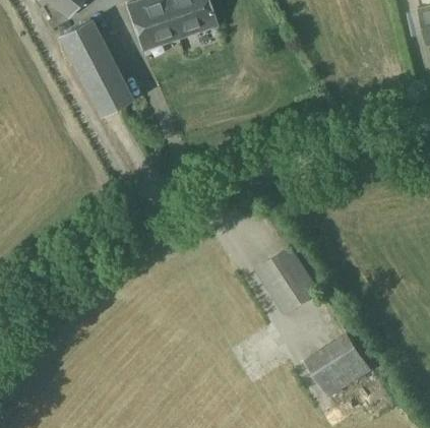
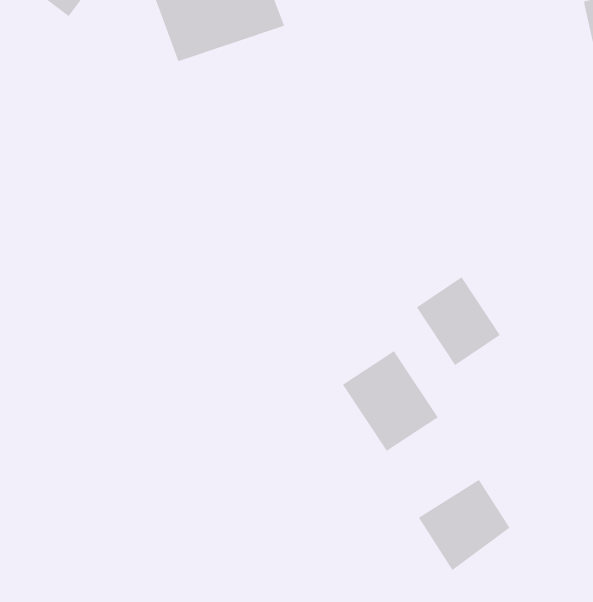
building: [59,19,131,114] -> none
building: none -> [416,276,501,366]

